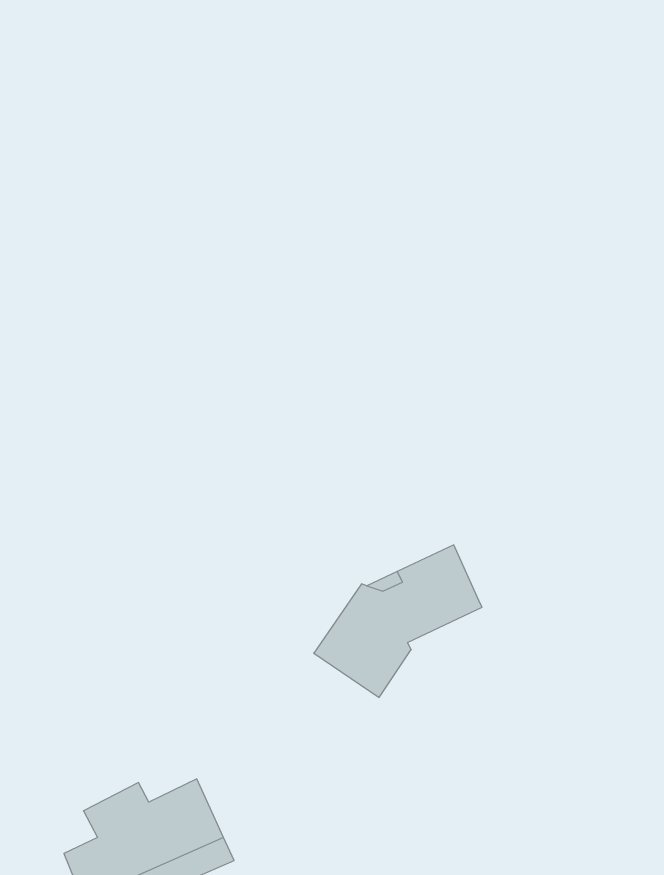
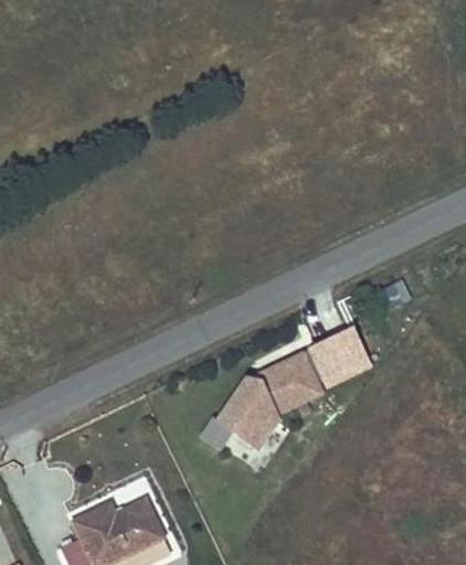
building: none -> [305,329,371,388]

